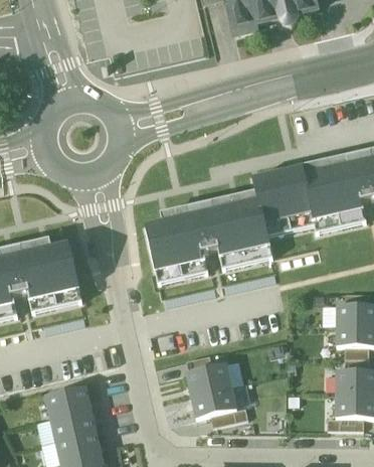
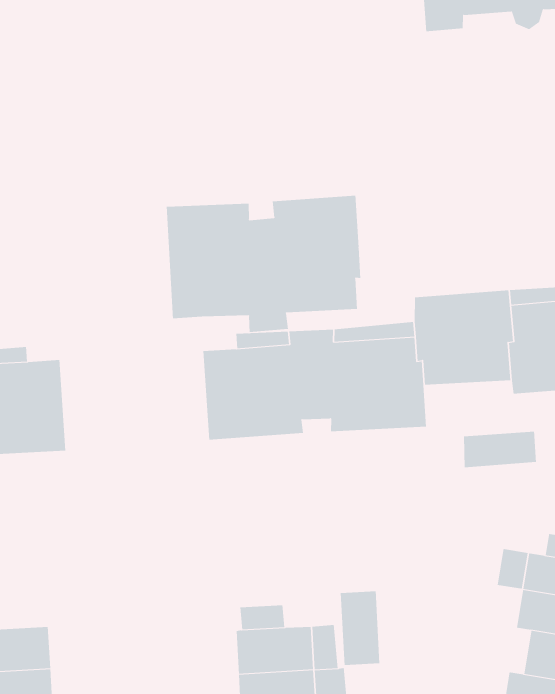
building: none -> [166,195,361,333]
building: none -> [463,431,537,468]
building: none -> [340,590,380,666]

